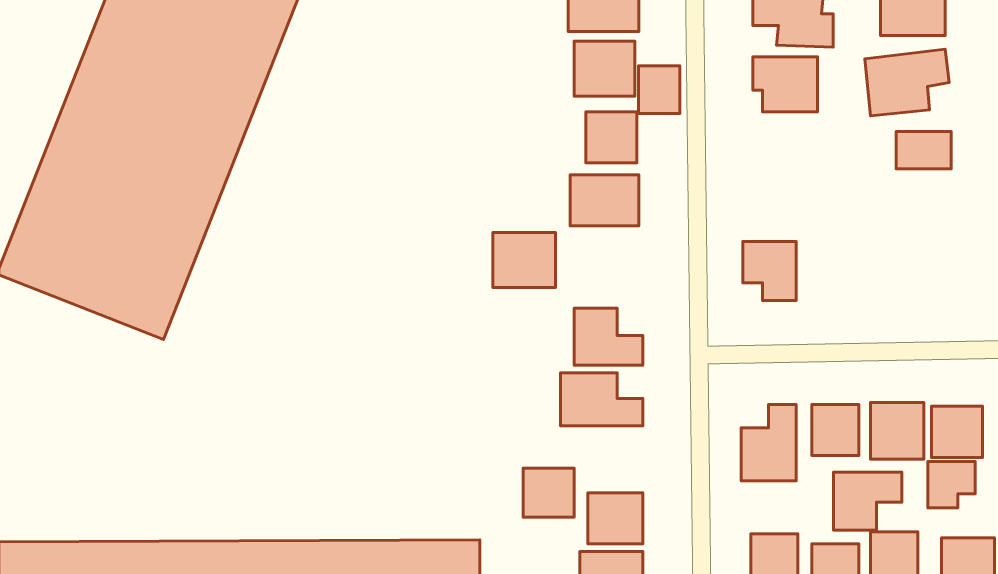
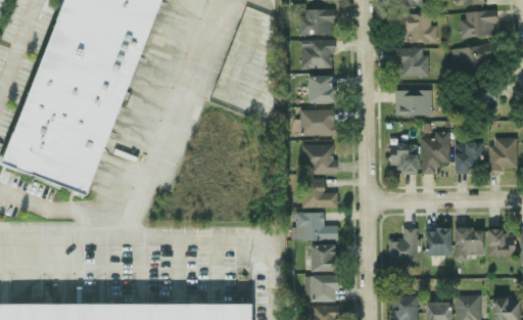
building: [638,66,680,113] -> none
building: none -> [394,90,431,116]
building: none -> [421,133,449,174]
building: none -> [489,139,517,173]
building: [493,232,556,287] -> [302,145,335,174]
building: none -> [454,143,482,171]
building: [928,461,975,508] -> none
building: [523,468,574,517] -> [310,245,336,271]
building: [833,472,902,530] -> none

